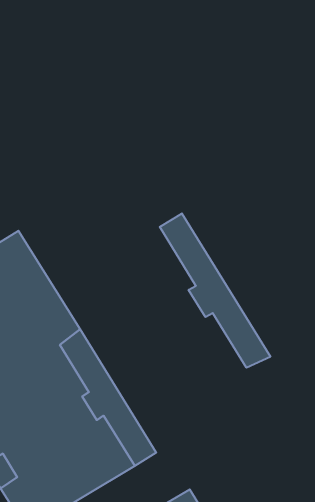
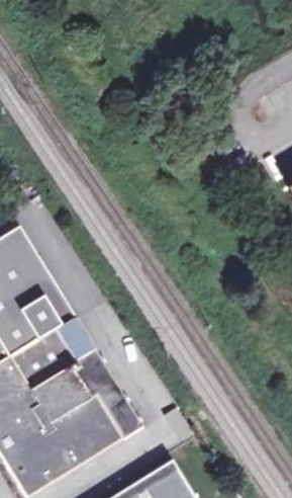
building: [160,213,270,368] -> none

